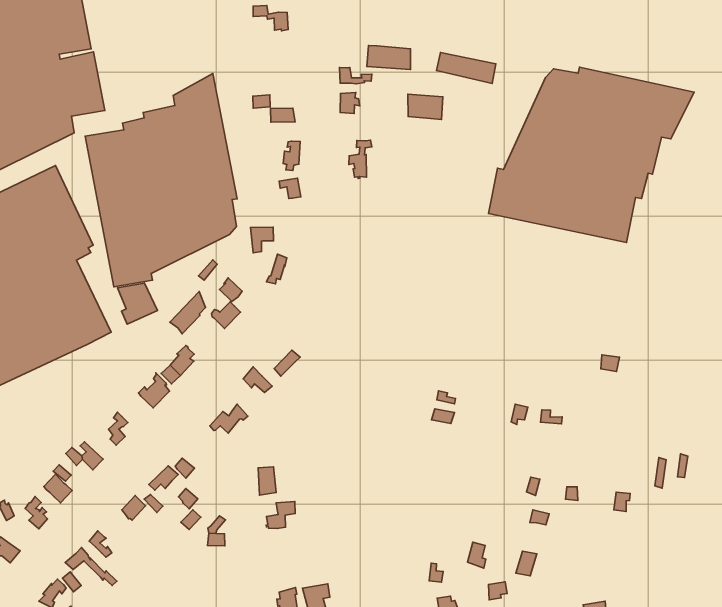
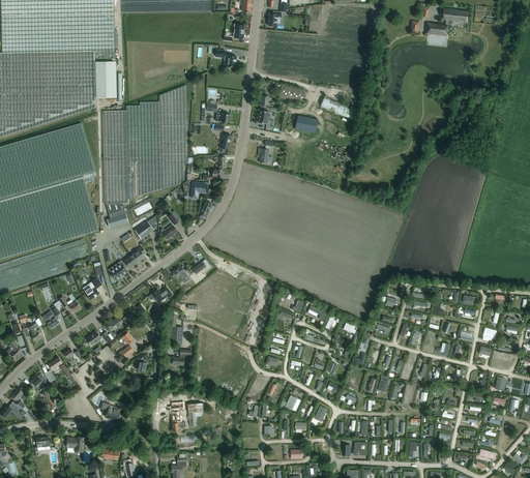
building: [489,67,694,243] -> none

